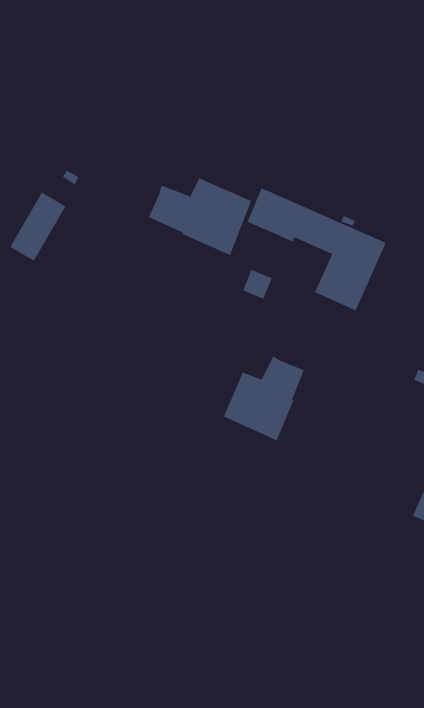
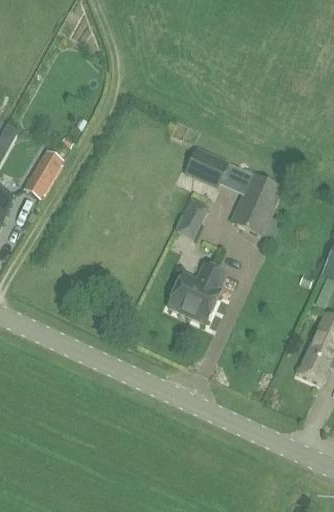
building: [148,177,252,256] -> none

